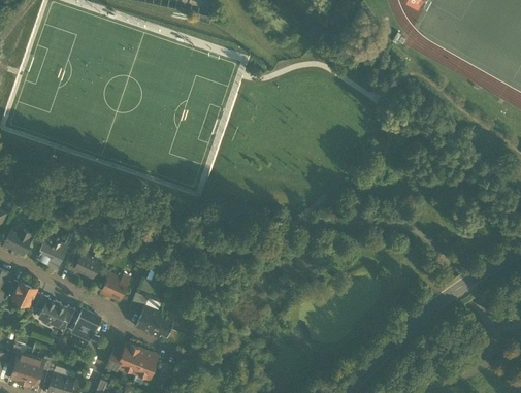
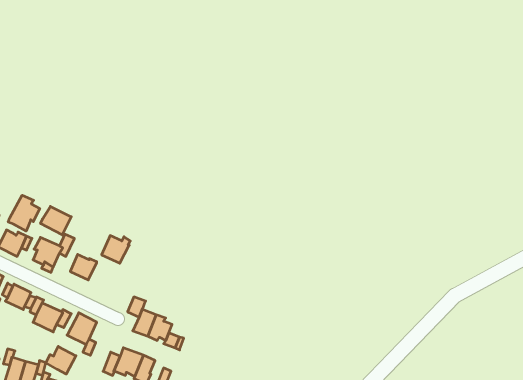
building: none -> [8,195,40,231]
building: none -> [41,206,71,235]
building: [100,273,128,300] -> [102,236,130,263]
building: none -> [46,346,76,374]

